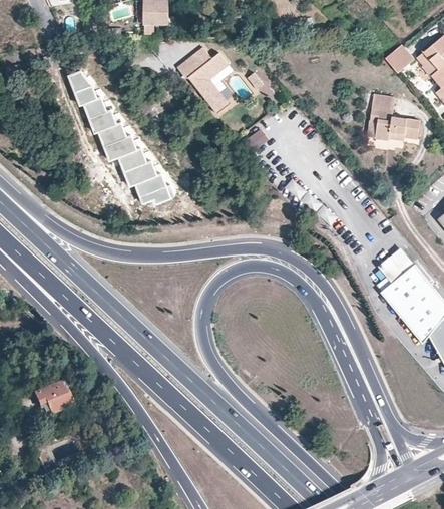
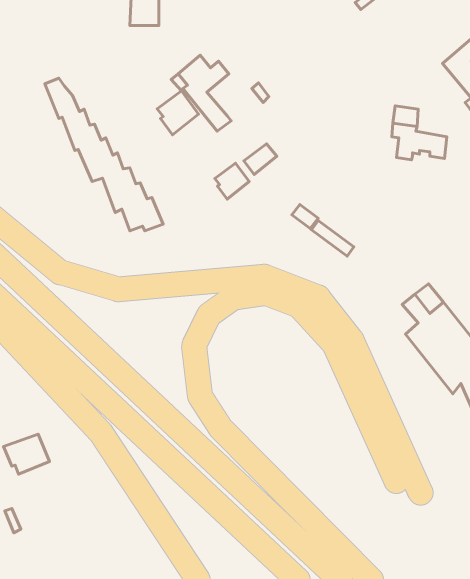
building: [384,44,413,73] -> none
building: none -> [157,91,199,135]
building: none -> [215,163,249,199]

